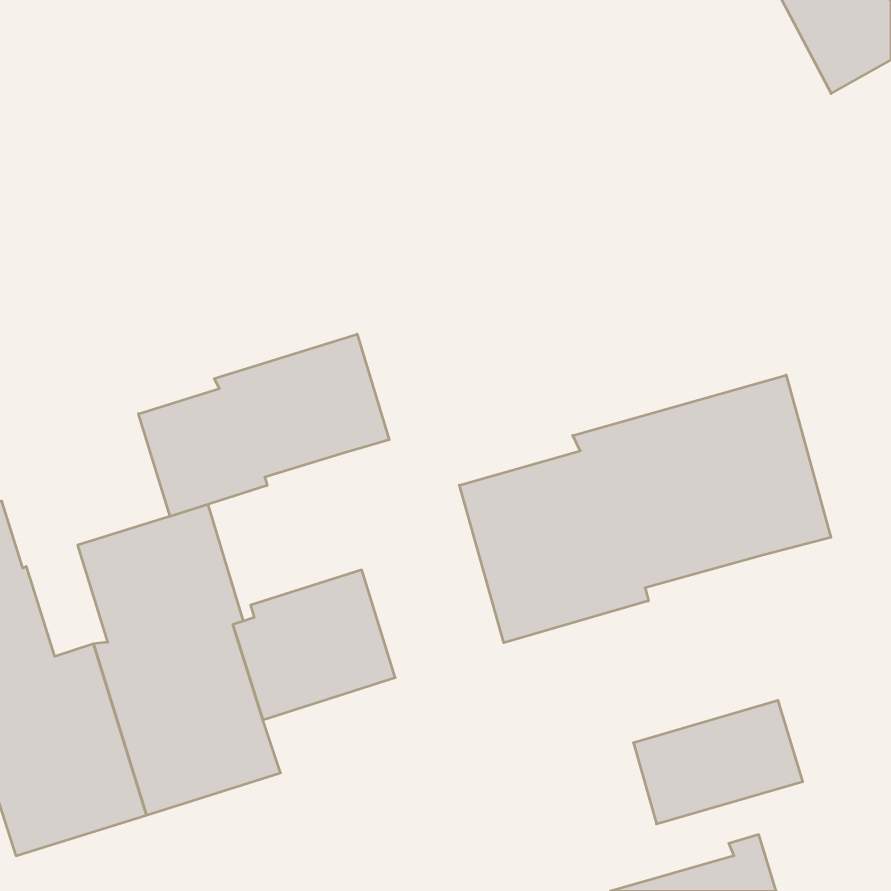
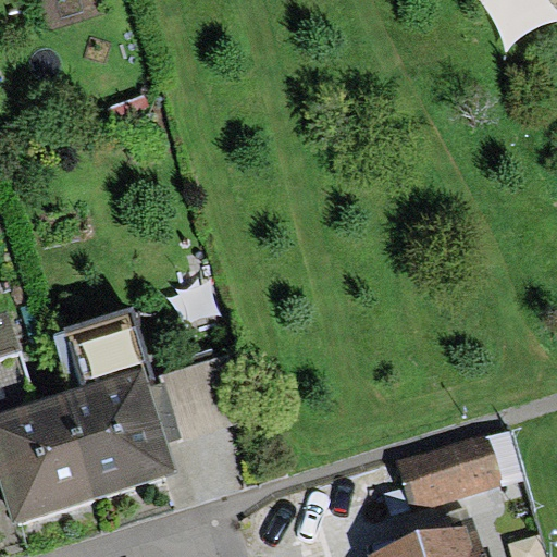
building: [138,334,389,516] -> none
building: [459,375,831,643] -> none

